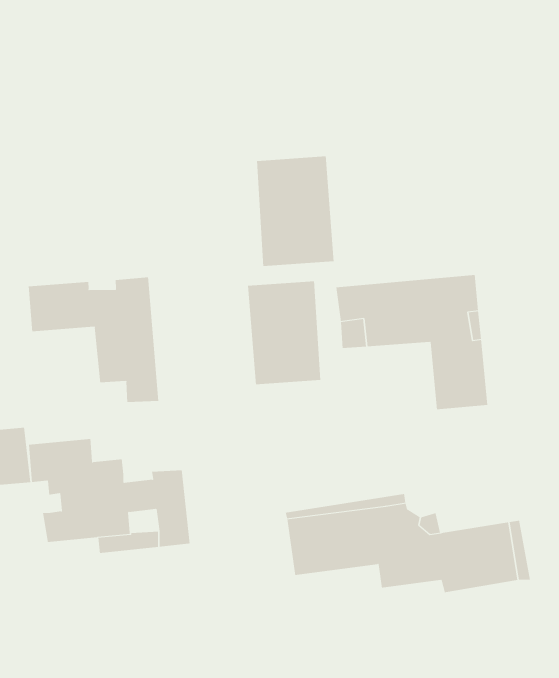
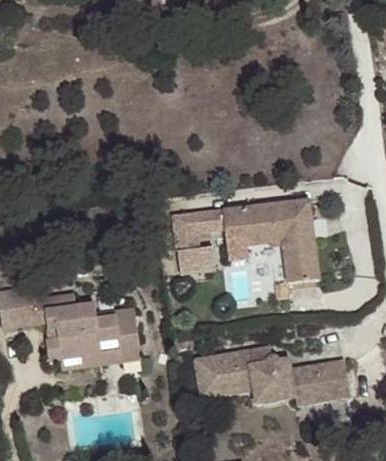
building: [256,156,334,267] -> none
building: [28,276,159,403] -> none

